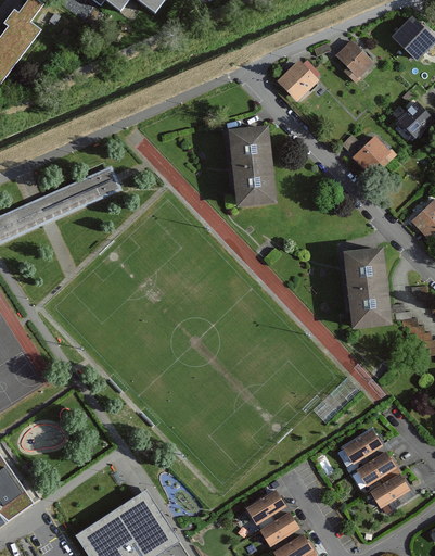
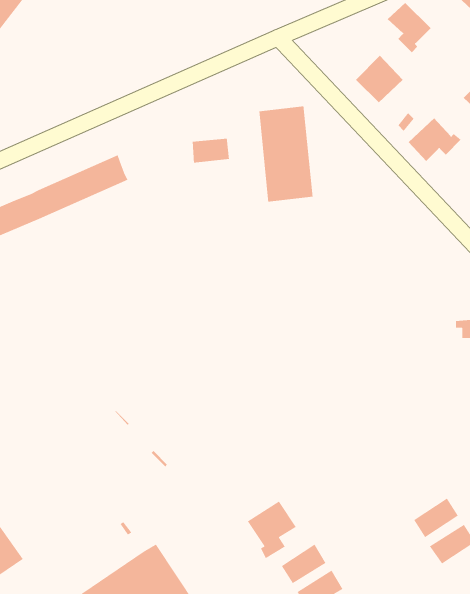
building: [278,61,318,101] -> [355,55,404,103]
building: none -> [192,138,230,164]
building: [344,248,391,328] -> none
building: [343,429,382,463] -> none
building: none -> [247,500,297,559]

